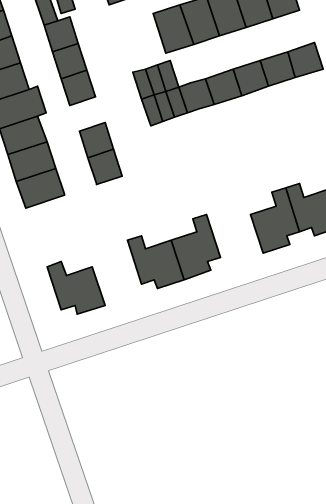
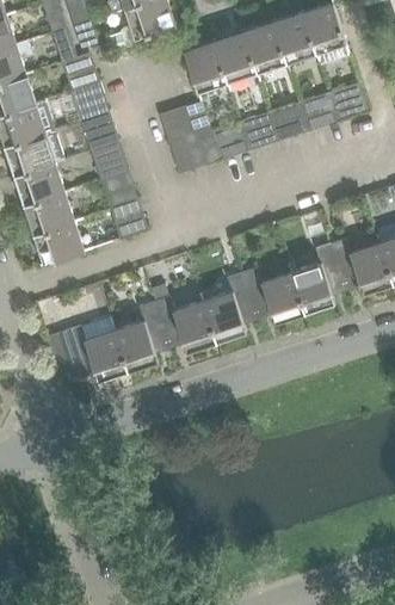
building: none -> [88,137,128,175]
building: none -> [241,263,304,321]
building: none -> [113,297,168,370]

